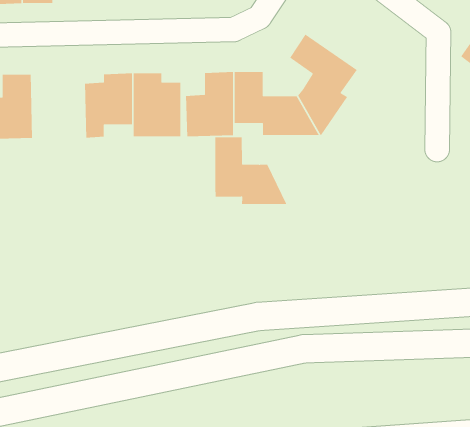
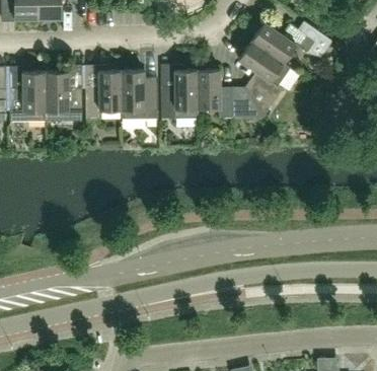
building: none -> [250,21,331,63]
building: none -> [45,71,81,120]
building: [214,136,287,205] -> none

